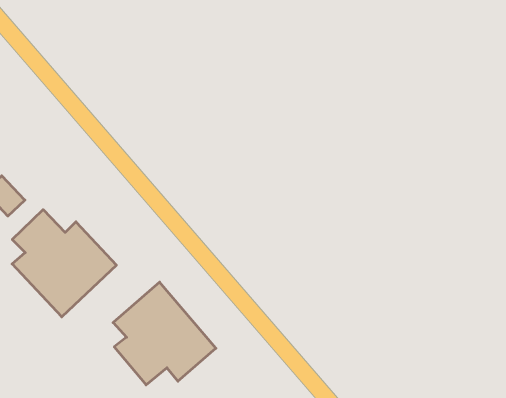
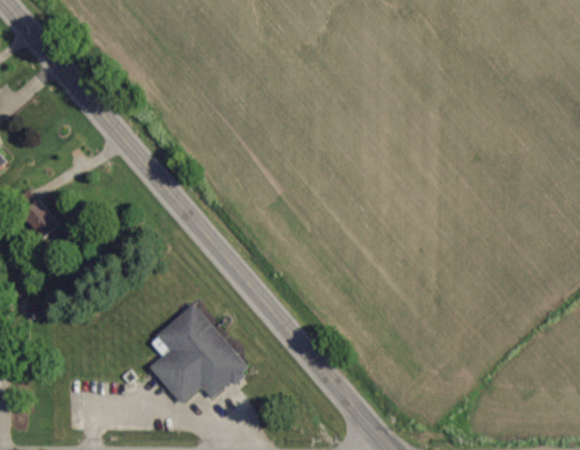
building: [12,210,116,317] -> none

